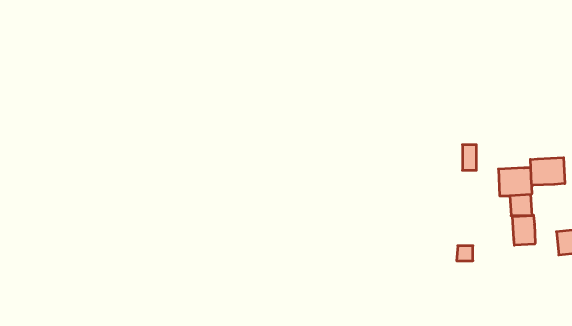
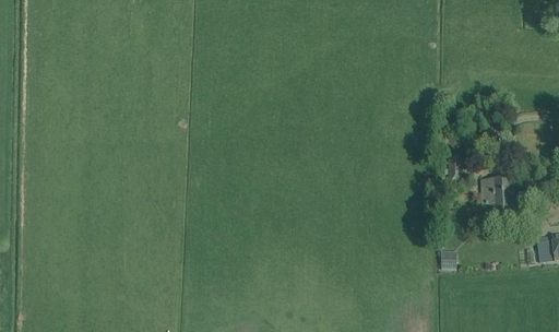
building: [530,158,565,185] -> none
building: [513,215,535,245] -> none

